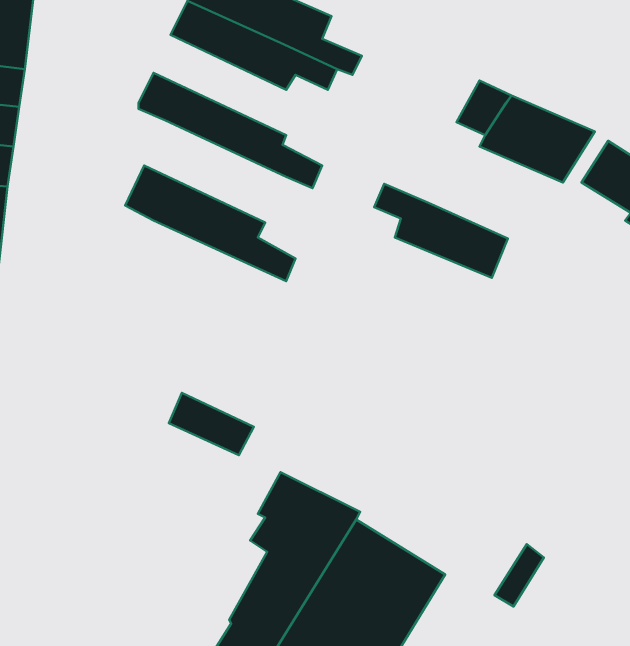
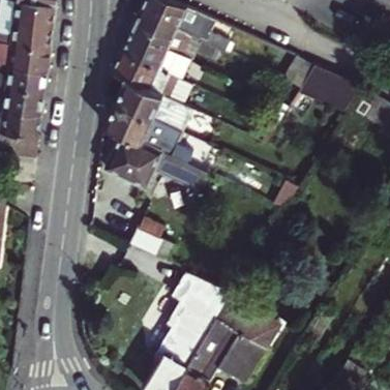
building: none -> [119,31,220,96]
building: none -> [114,78,191,133]
building: [374,184,508,278] -> none
building: none -> [101,132,207,193]

